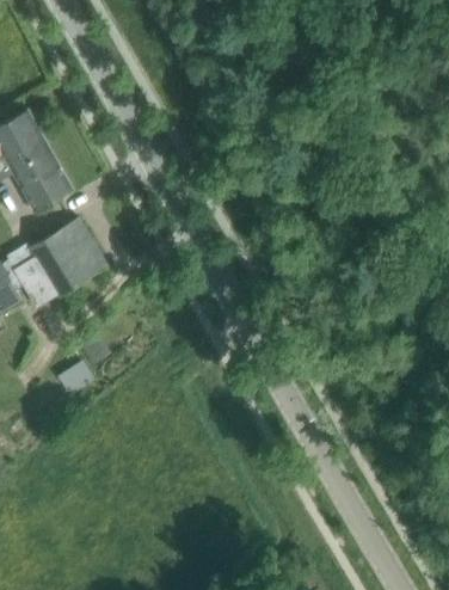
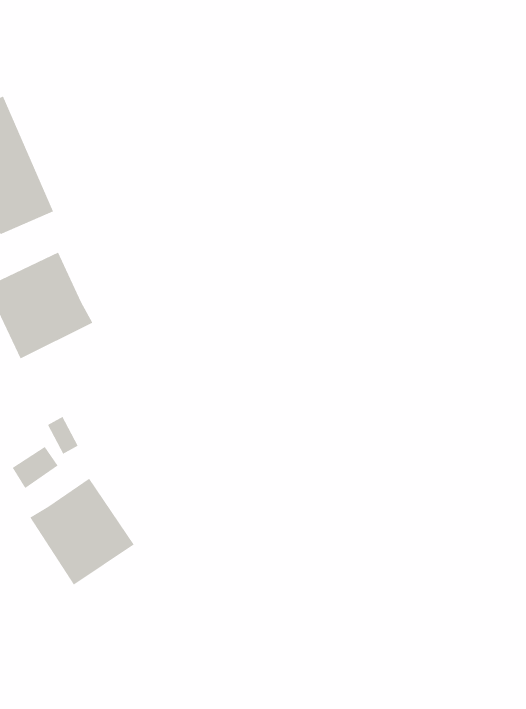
building: none -> [29,478,134,586]

